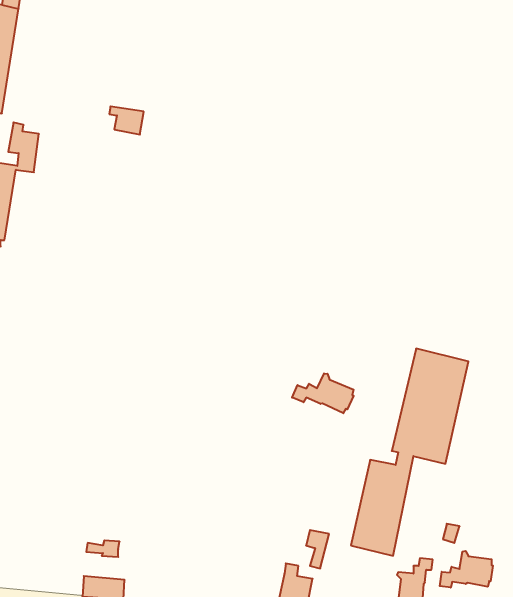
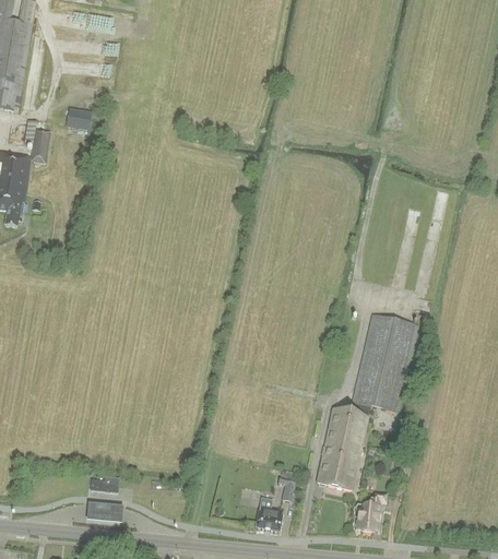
building: [109,106,144,135] -> [62,105,92,129]
building: [292,373,354,413] -> none
building: [440,551,493,588] -> none

